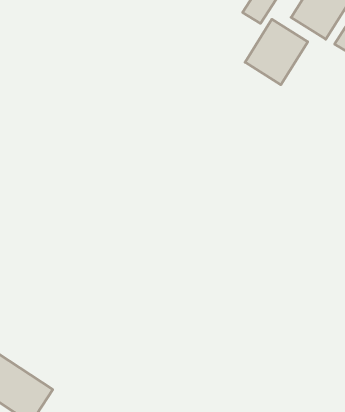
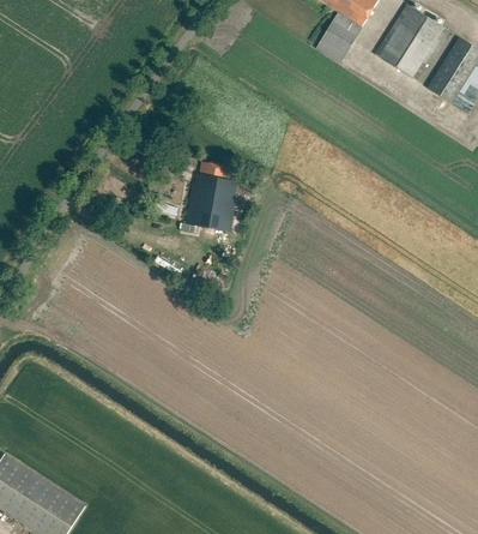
building: [245,19,308,85] -> none
building: none -> [179,162,237,233]

